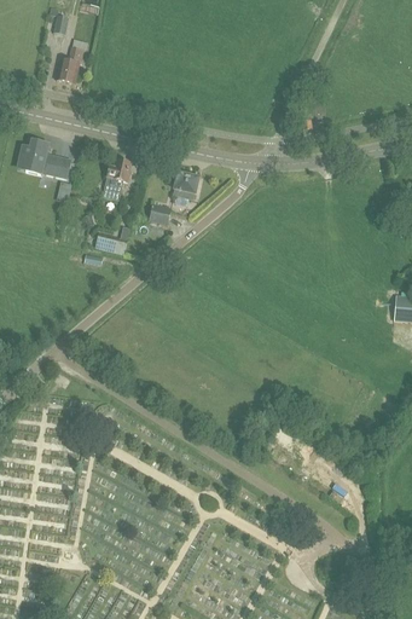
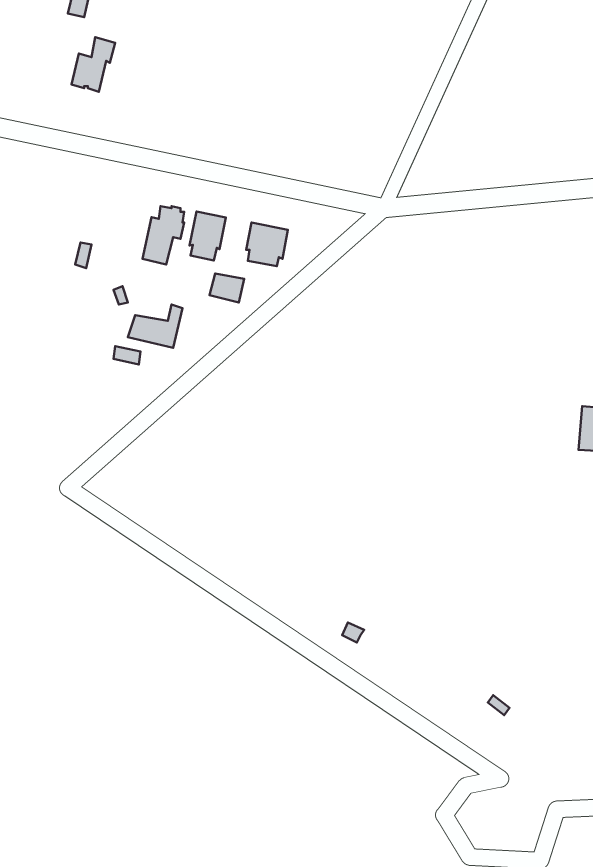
building: [19,140,69,177] -> none
building: none -> [189,212,226,260]

